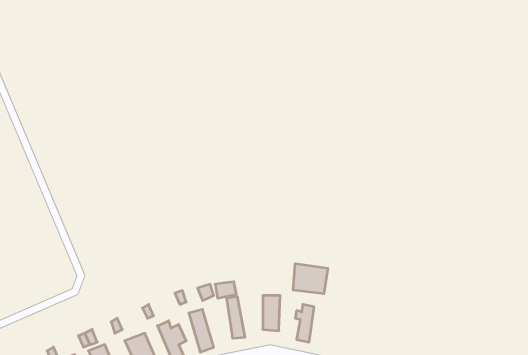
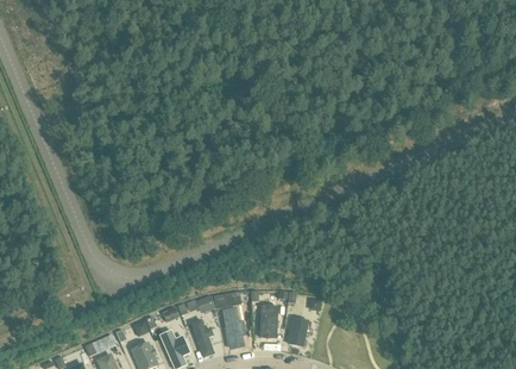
building: [293,264,328,294] -> none

